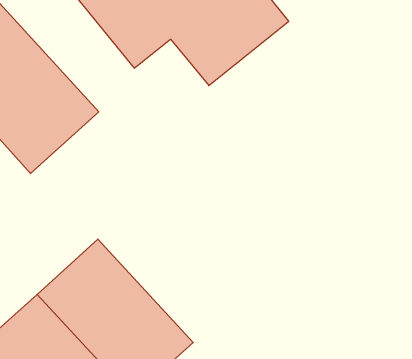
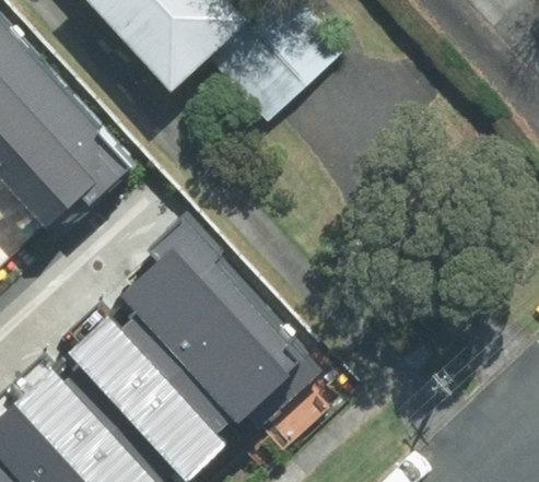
building: none -> [124,239,312,431]

